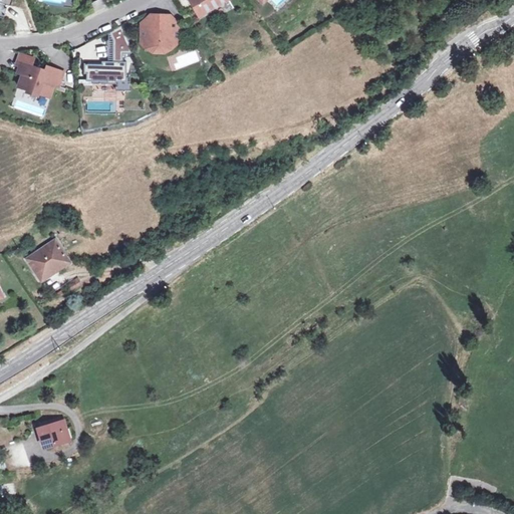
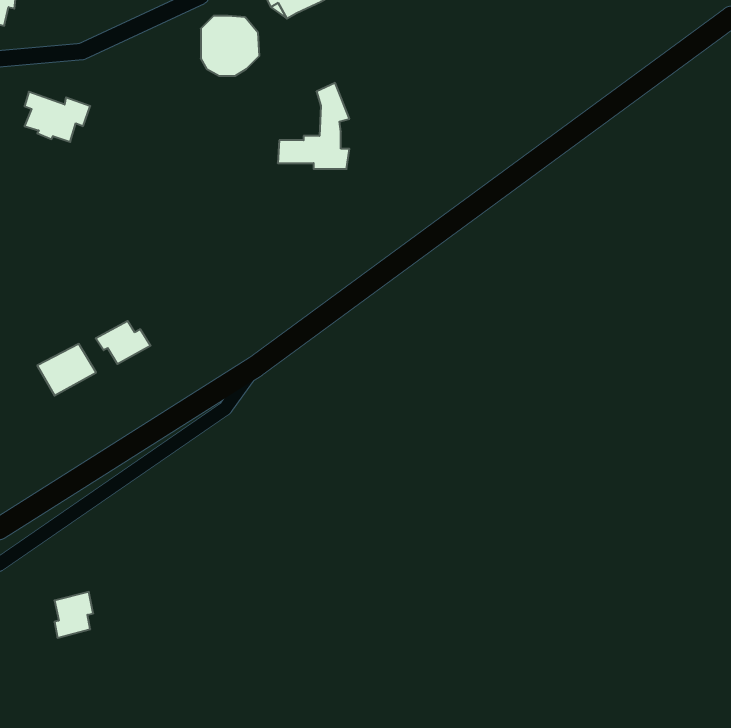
building: [80,24,131,84] -> [278,83,349,169]
building: none -> [96,321,151,364]

